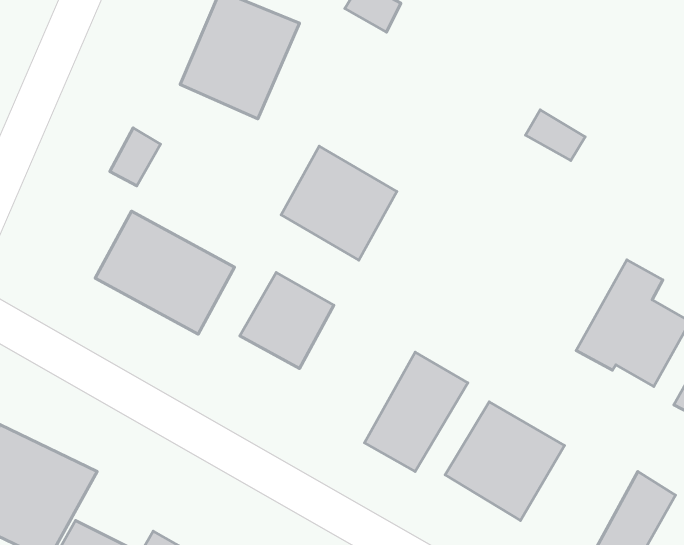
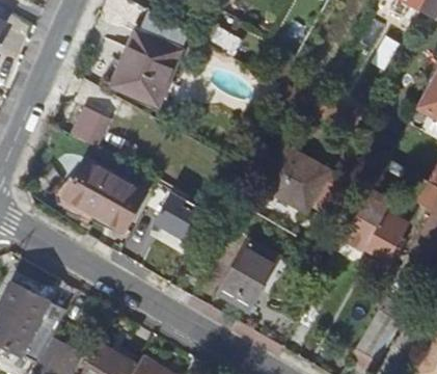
building: [281,146,397,260] -> [262,146,328,212]
building: [445,402,564,521] -> none

